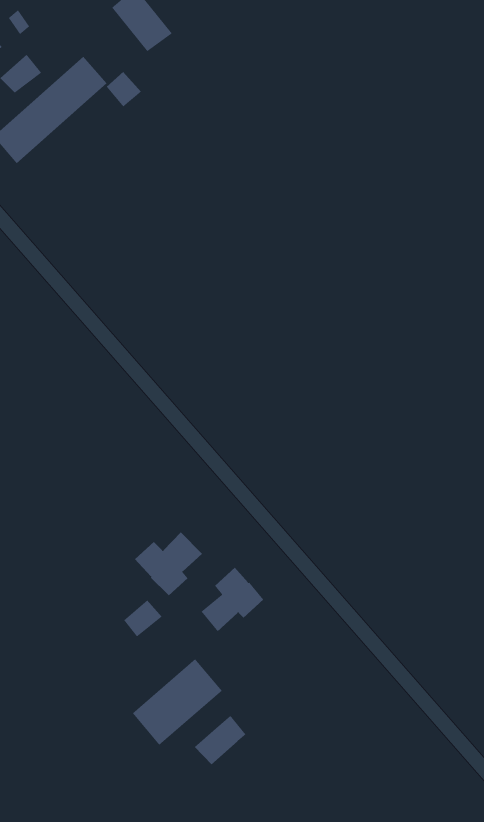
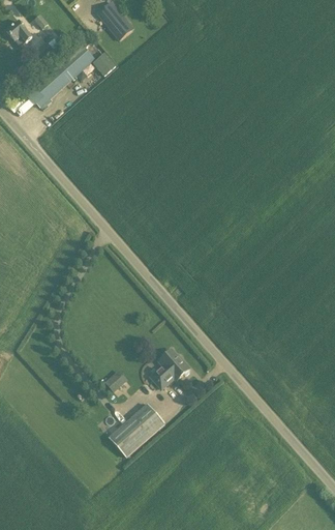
building: [134,532,203,596] -> none
building: [194,715,247,765] -> none

